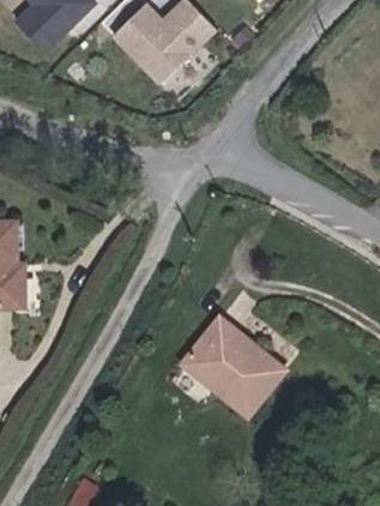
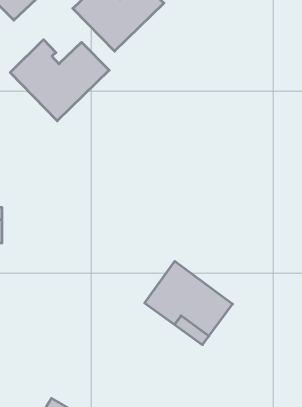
building: none -> [10,40,109,121]

